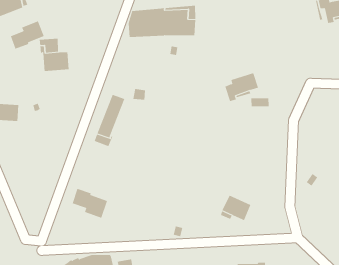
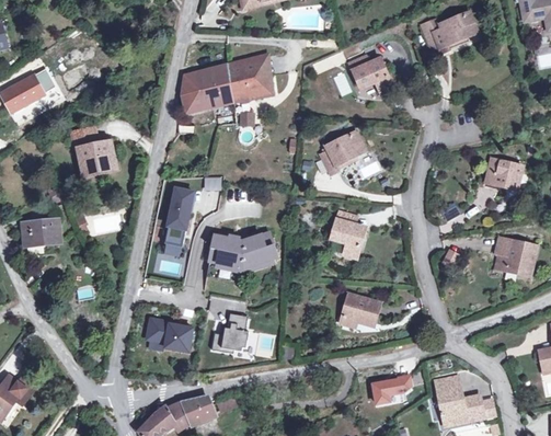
building: none -> [349,55,392,90]
building: [10,21,44,50] -> none
building: none -> [332,211,364,256]
building: none -> [209,232,277,271]
building: none -> [211,312,249,352]

